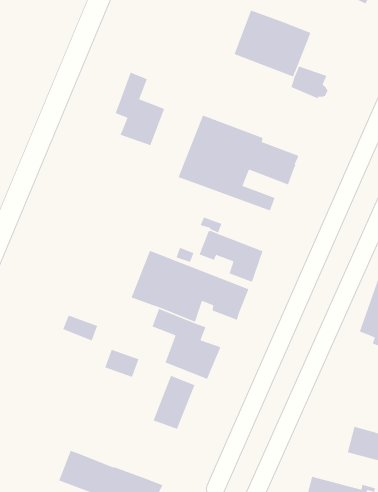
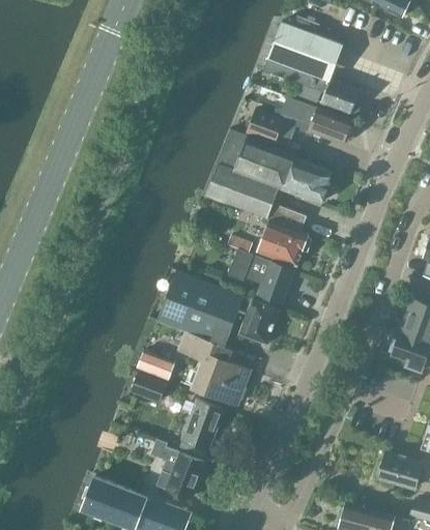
building: [114,72,165,146] -> none
building: none -> [282,97,351,144]
building: none -> [247,109,283,143]
building: none -> [259,220,309,266]
building: [62,315,98,342] -> [138,352,175,380]
building: none -> [141,439,204,506]

